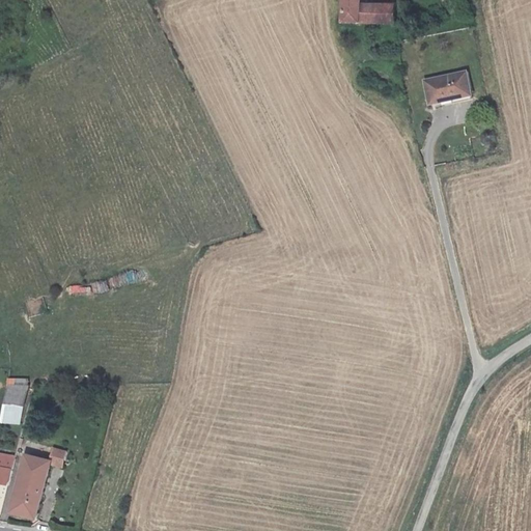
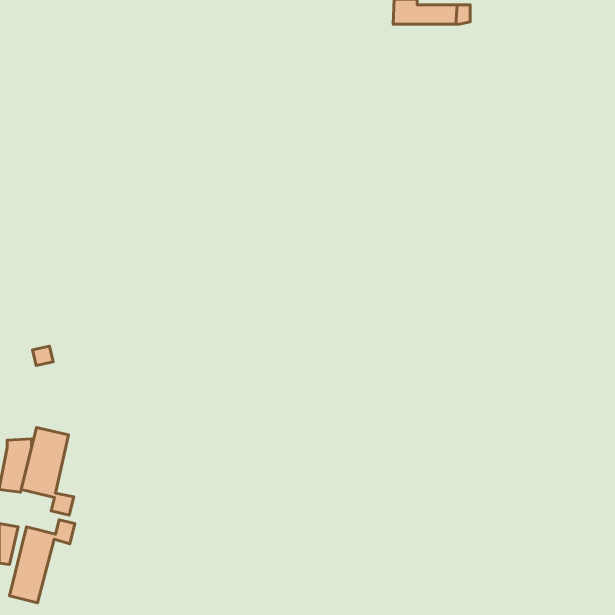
building: [422,71,469,105] -> none
building: none -> [21,427,74,515]

